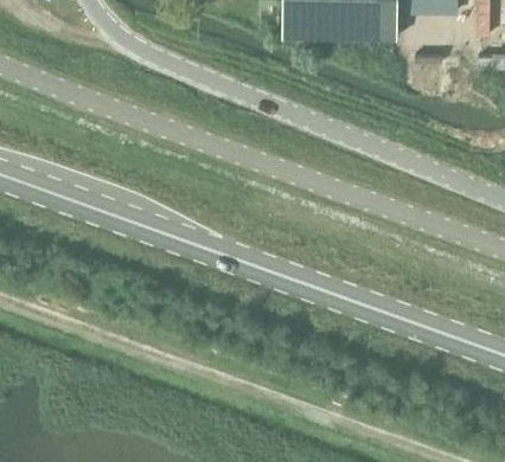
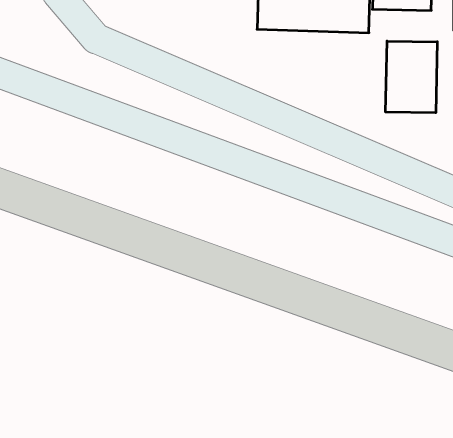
building: none -> [386,41,437,113]

